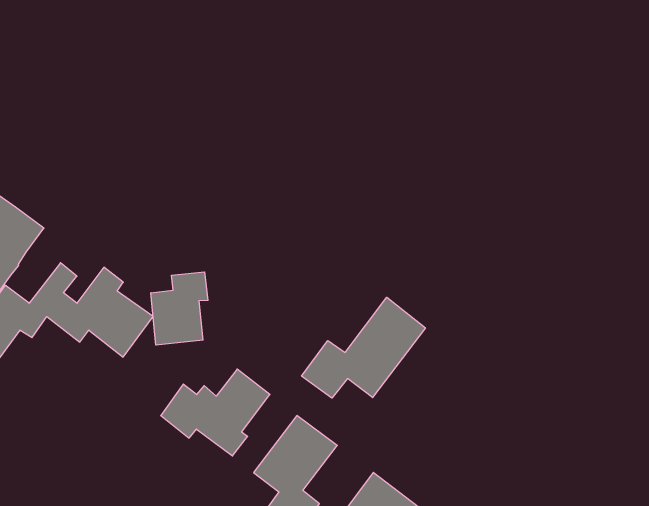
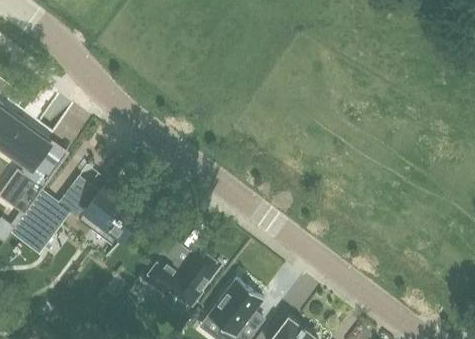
building: [151,272,208,345] -> none
building: [302,297,425,398] -> none

